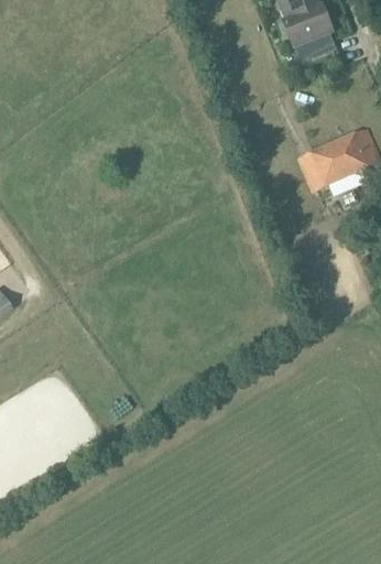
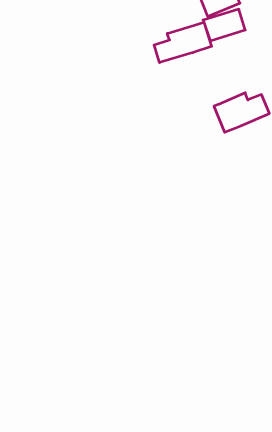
building: none -> [154,22,212,63]

